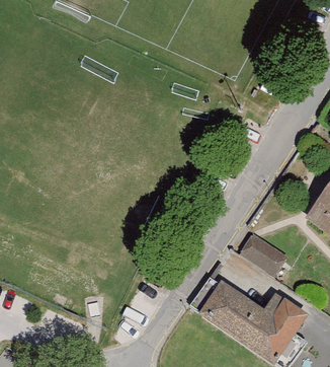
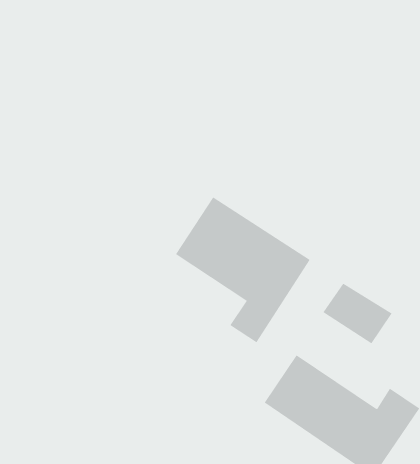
building: none -> [175,196,311,343]

